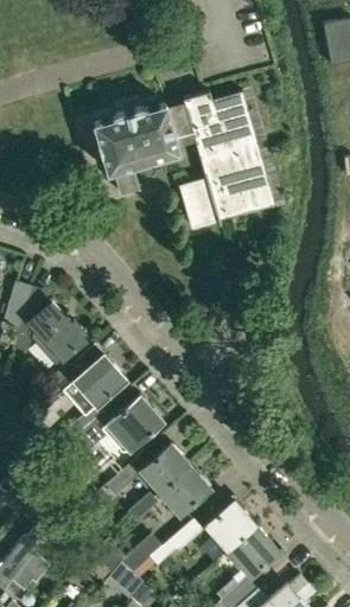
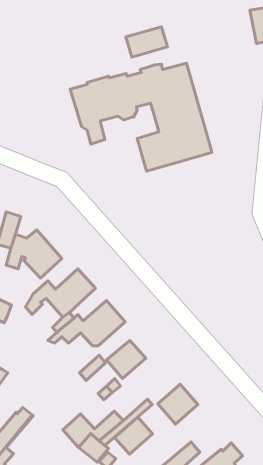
building: none -> [126,27,167,57]
building: [161,468,210,516] -> [114,417,153,454]
building: [229,528,280,579] -> none

